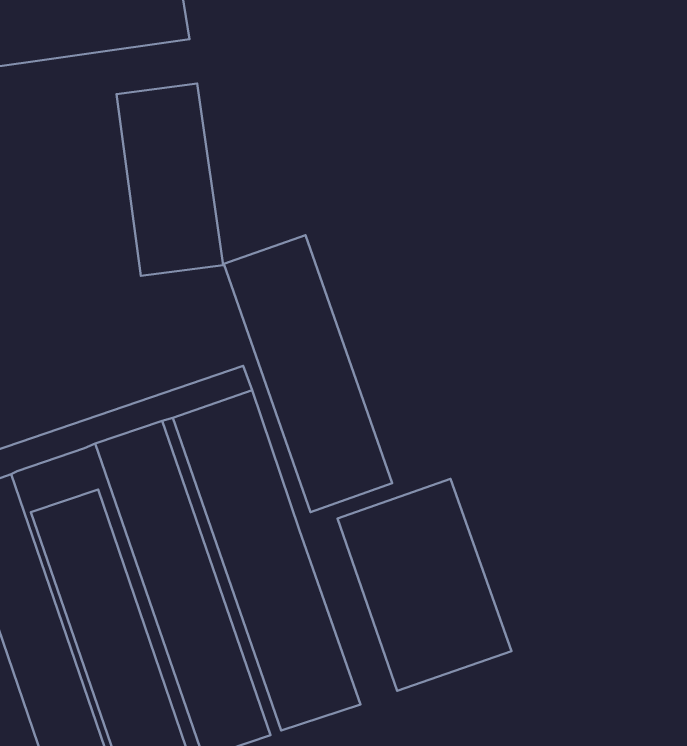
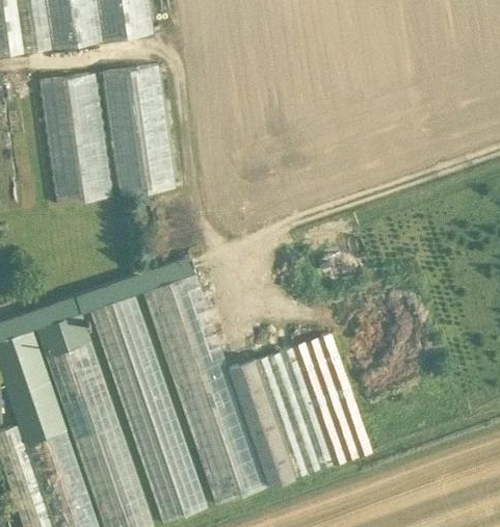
building: none -> [40,72,112,204]
building: [224,235,392,512] -> none
building: none -> [35,312,90,355]
building: none -> [228,359,294,486]

